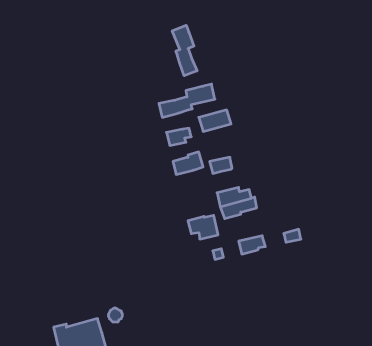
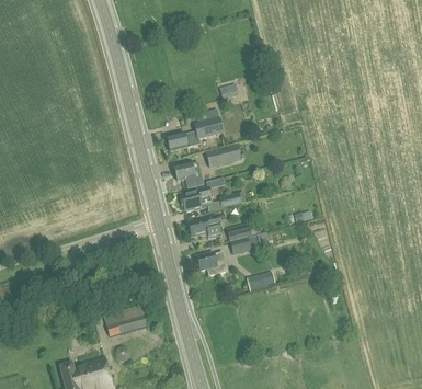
building: [172,25,197,76] -> none
building: none -> [187,216,219,236]
building: none -> [103,304,146,336]

